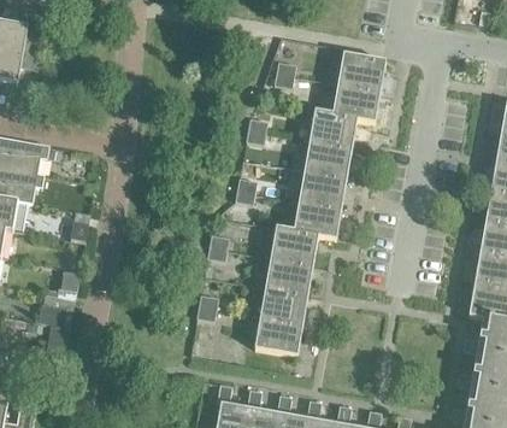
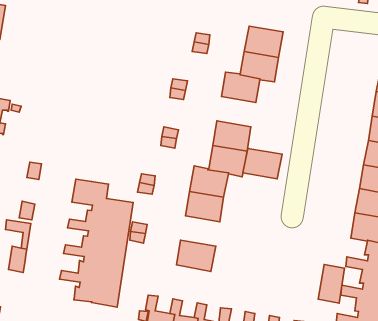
building: [303,139,352,176] -> [243,148,282,179]
building: none -> [59,179,133,307]
building: [259,286,307,323] -> none
building: none -> [318,265,345,303]

